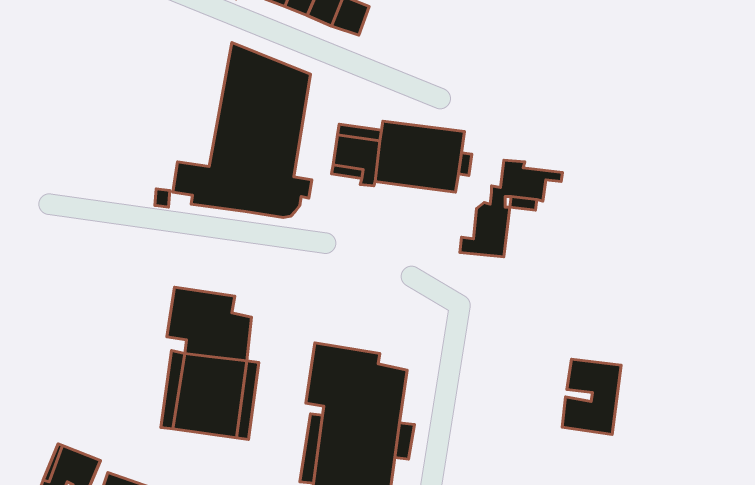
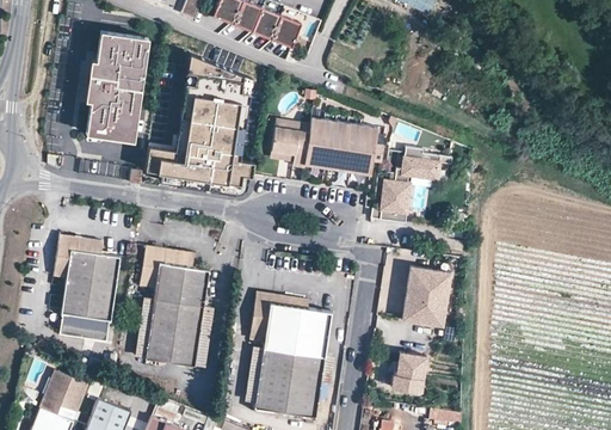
building: none -> [88,31,149,140]
building: none -> [55,236,119,343]
building: [562,359,621,435] -> [402,263,449,322]
building: none -> [390,349,424,388]

